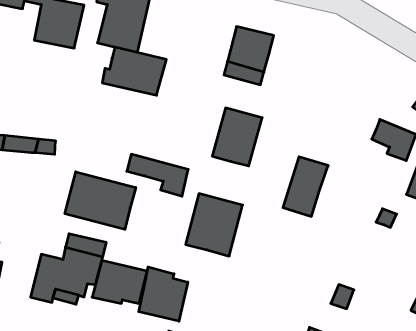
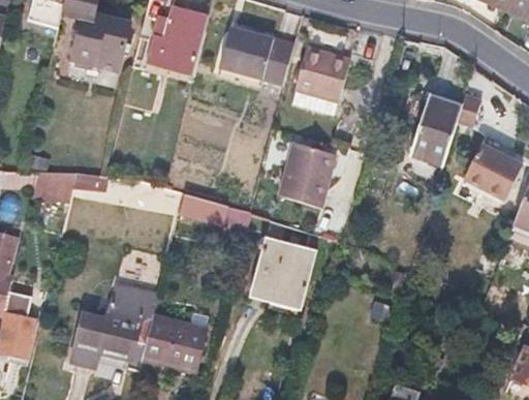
building: [102,47,166,95] -> [220,27,294,83]
building: [283,157,328,216] -> [409,94,462,163]
building: [65,172,136,229] -> none
building: [139,267,188,321] -> none

